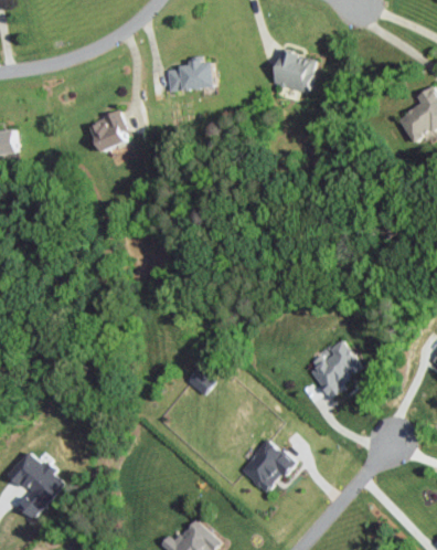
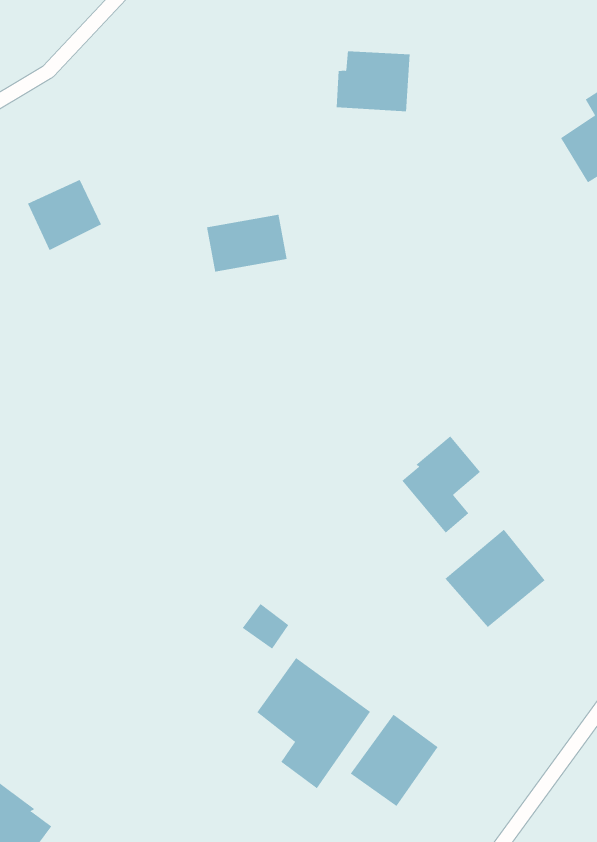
building: [167,62,212,92] -> [206,214,287,272]
building: none -> [402,436,481,533]
building: none -> [256,657,371,789]

